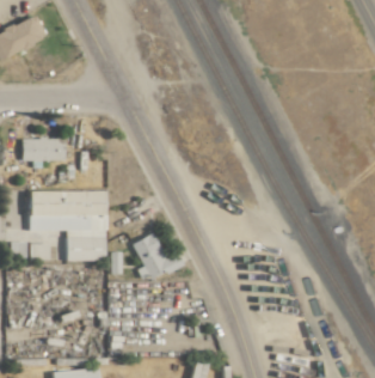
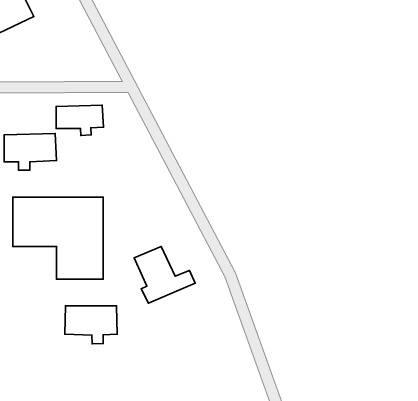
building: none -> [56,105,104,135]
building: none -> [65,306,117,344]

